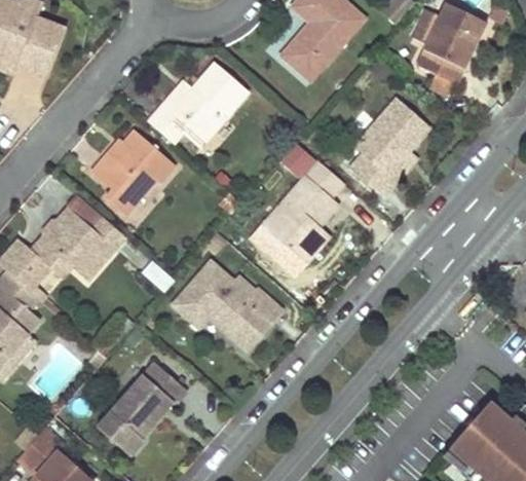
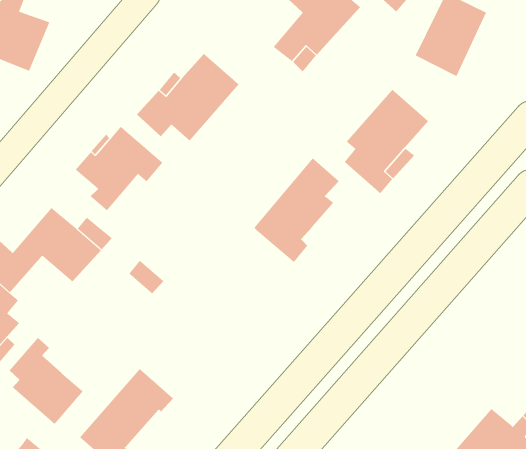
building: [255,227,330,274] -> none
building: [171,258,285,353] -> none
building: none -> [9,337,83,425]

